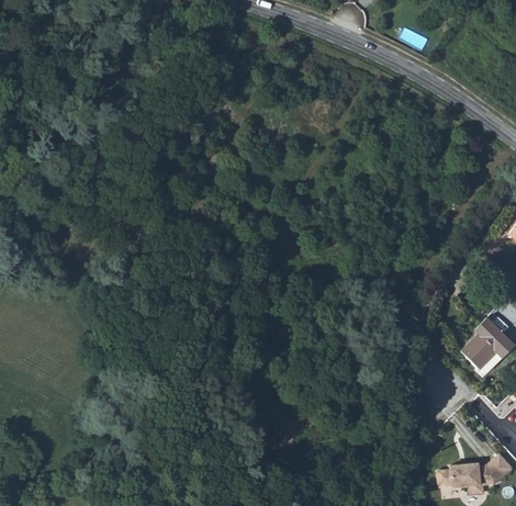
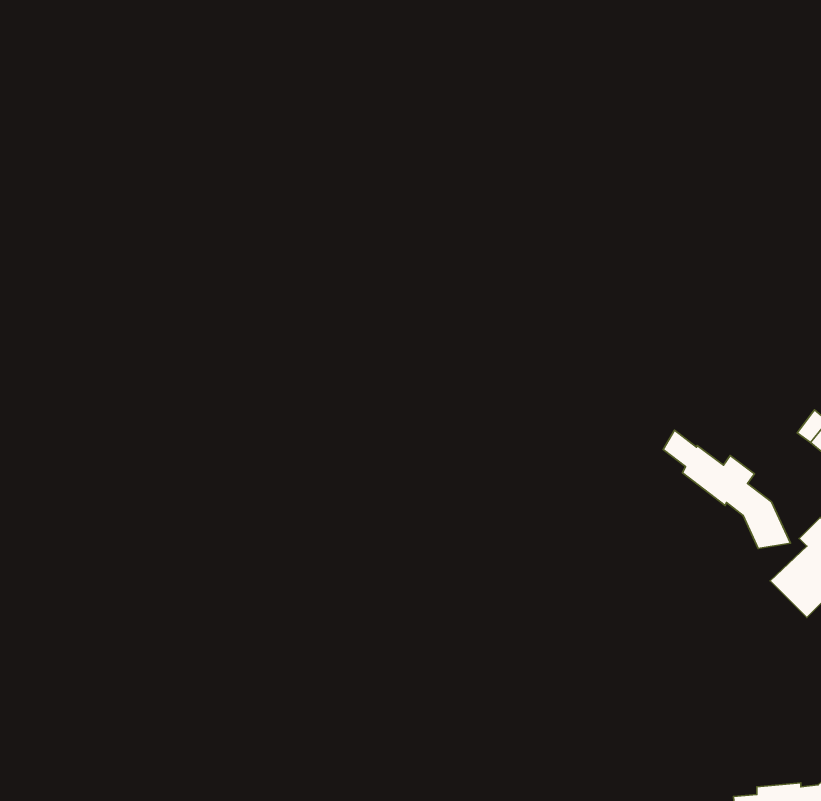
building: none -> [663,430,790,548]

